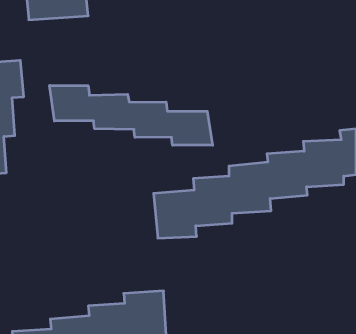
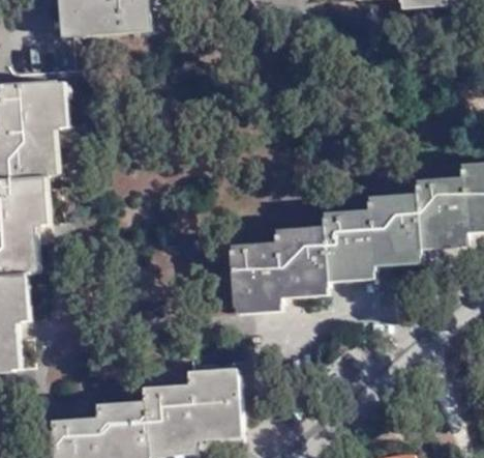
building: [50,85,213,145] -> none

